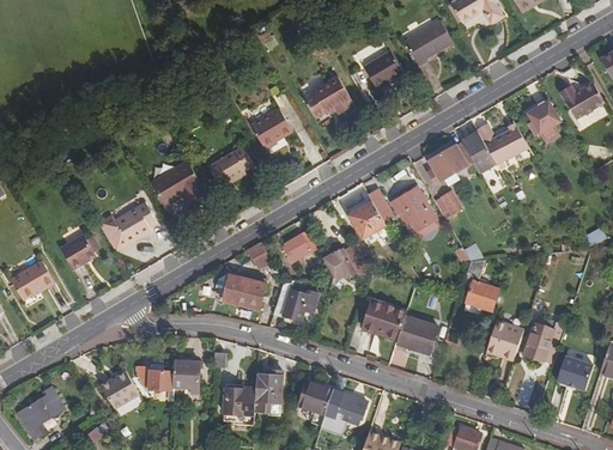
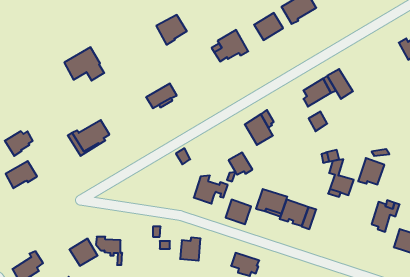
building: [524,98,560,145] -> none
building: [248,108,291,150] -> [156,15,187,45]
building: [478,121,529,169] -> none
building: [148,160,205,207] -> [64,47,104,81]
building: [390,186,442,242] -> none
building: [284,231,317,263] -> none
building: [59,235,98,269] -> [5,131,33,156]
building: [224,275,268,310] -> none
building: [486,317,523,354] -> [358,158,384,184]
building: [174,359,199,391] -> none
building: [297,379,333,414] -> [226,200,251,224]
building: [224,385,256,412] -> none

